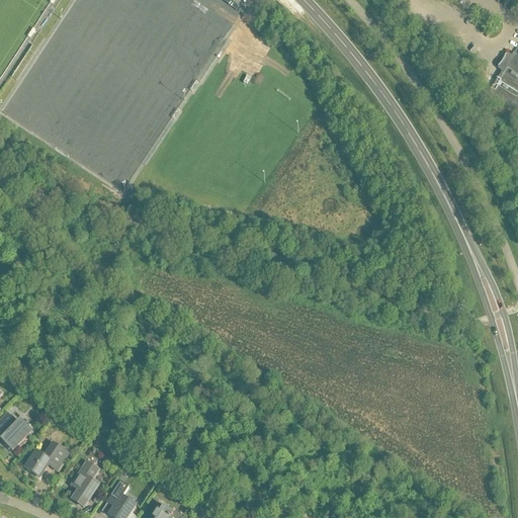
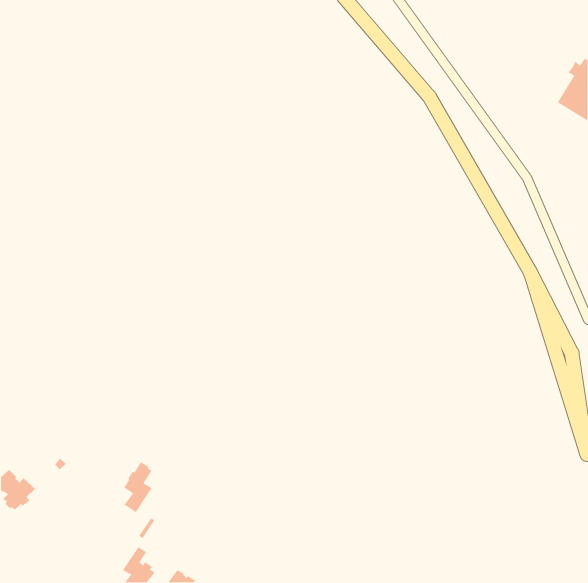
building: [24,442,69,478] -> none
building: [73,460,98,506] -> [124,461,152,513]

